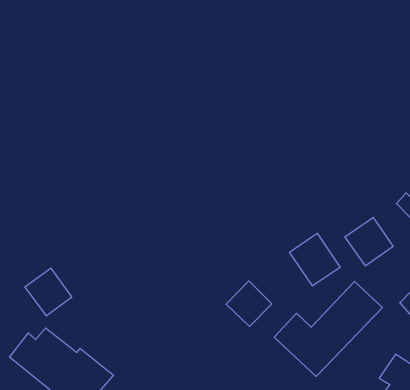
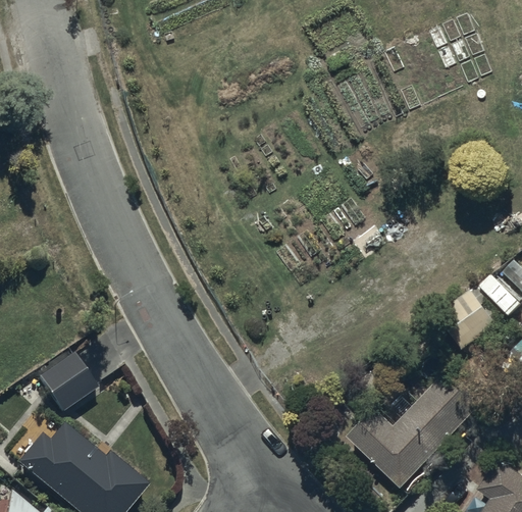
building: [289,233,340,286] -> none
building: [226,281,272,326] -> none

